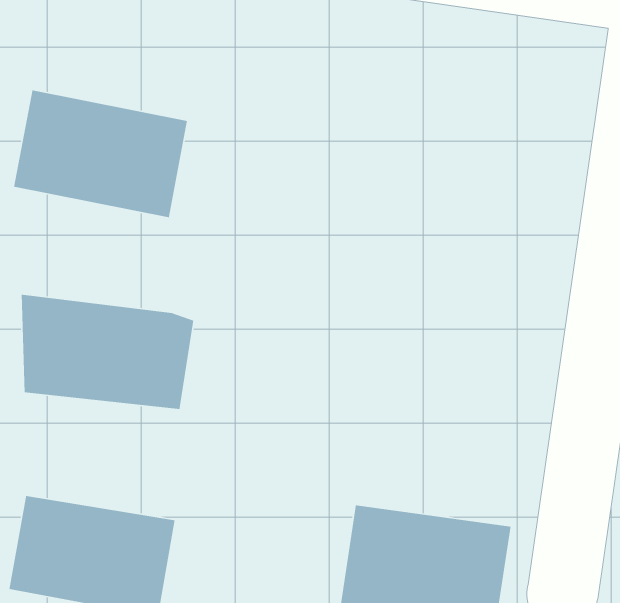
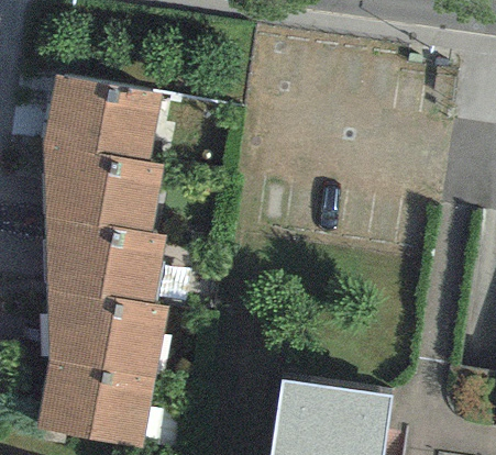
building: none -> [40,144,161,233]
building: none -> [47,290,168,380]

